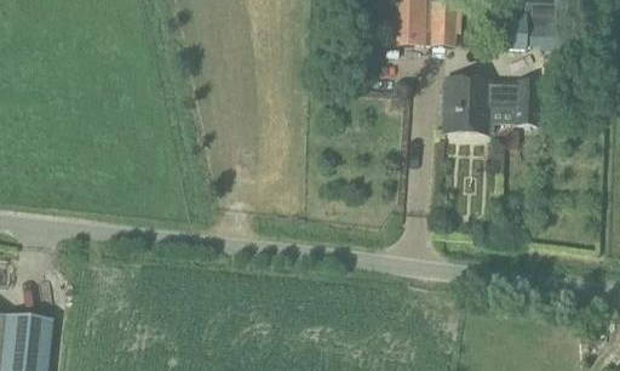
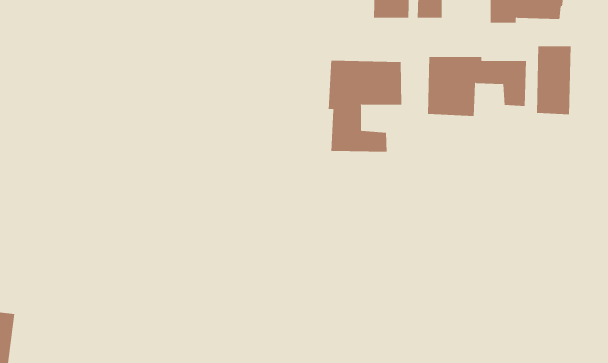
building: none -> [536,46,571,115]
building: none -> [328,60,402,153]

